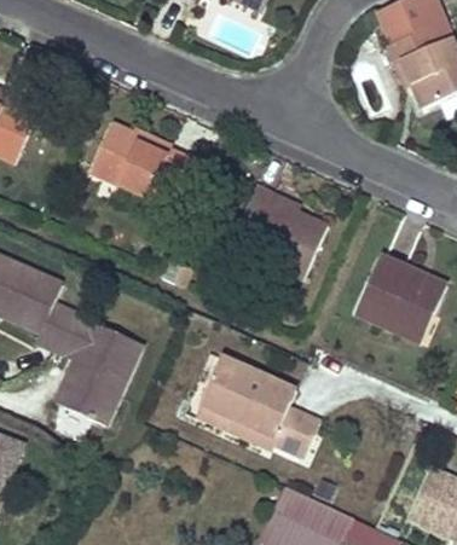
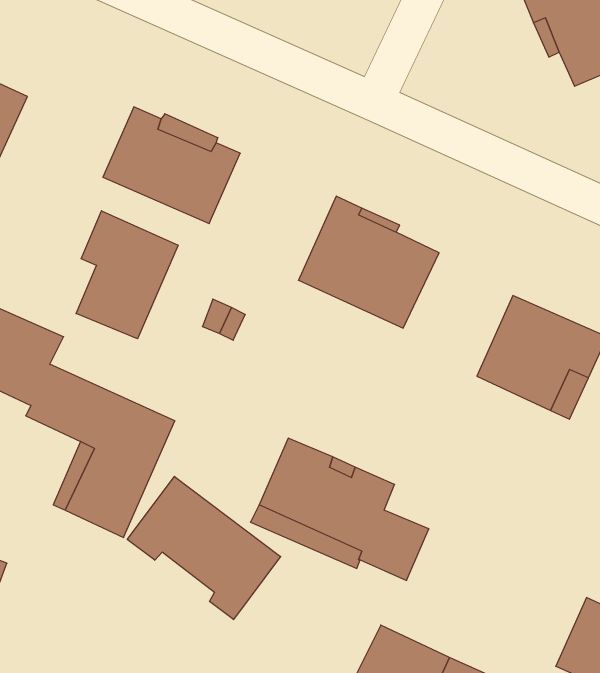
building: none -> [76,211,178,339]
building: none -> [127,476,281,620]

